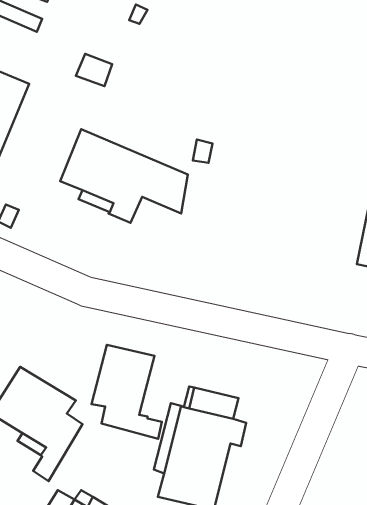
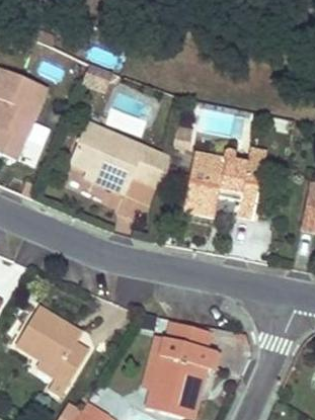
building: none -> [183,149,267,217]
building: [91,345,162,439] -> none

